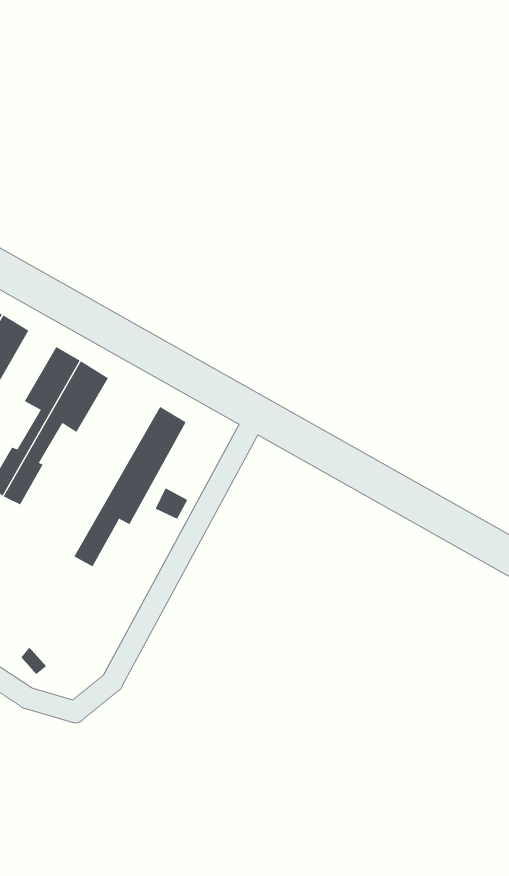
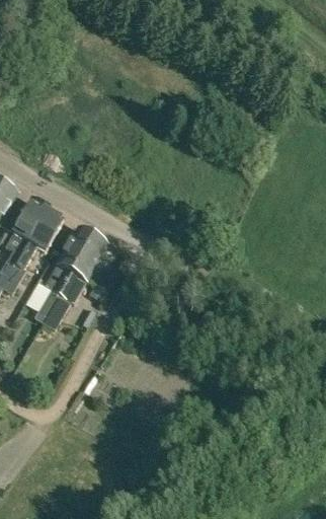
building: none -> [35,227,93,321]

